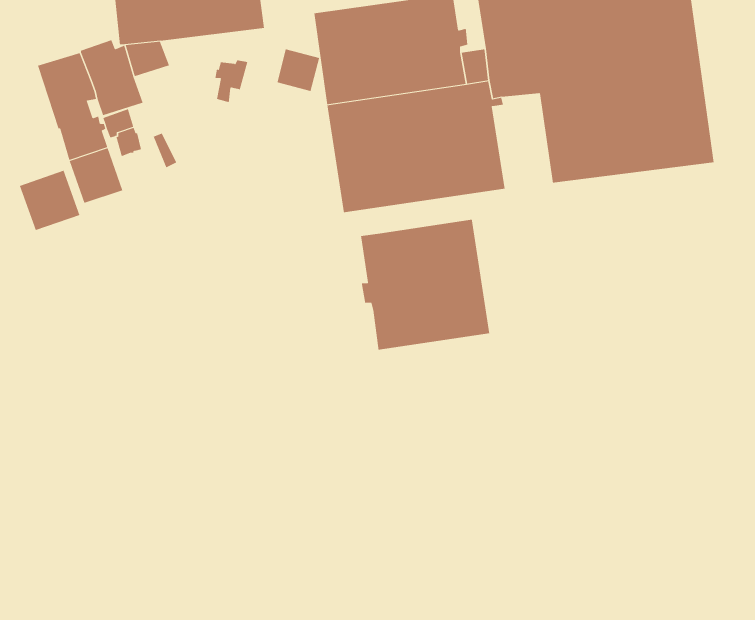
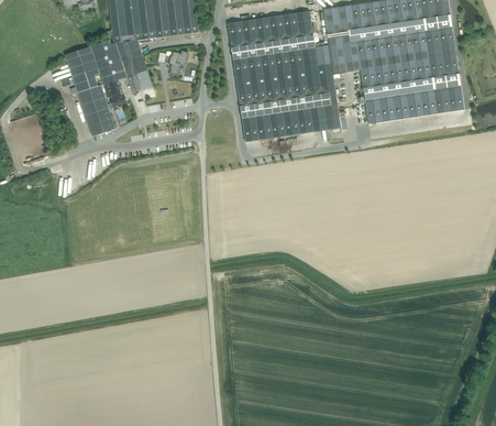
building: [277,48,320,92] -> none
building: none -> [121,54,152,91]
building: [19,170,80,231] -> none
building: [361,219,490,351] -> none

